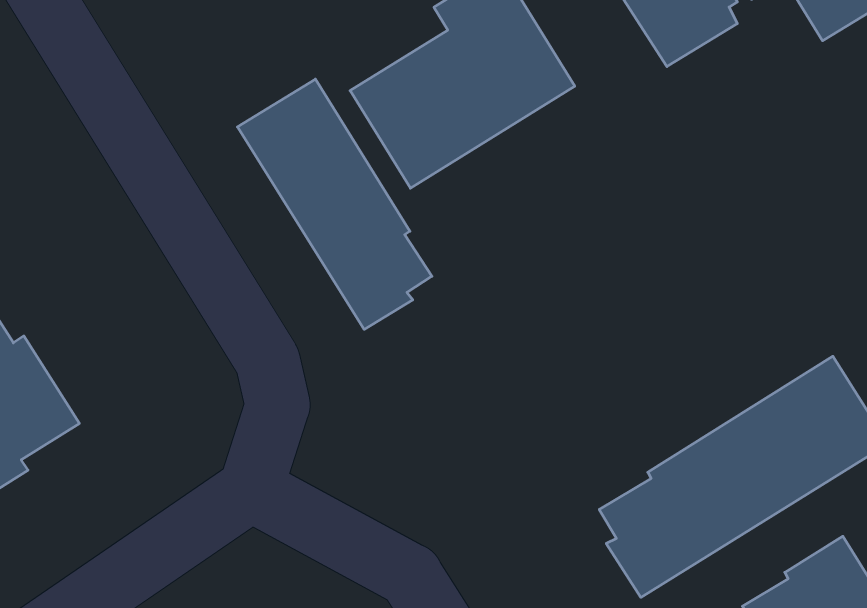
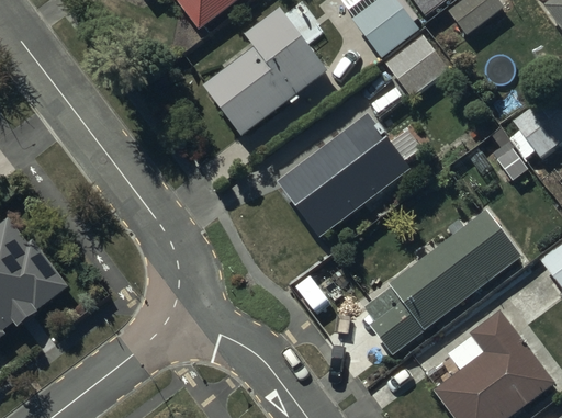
building: none -> [384,33,448,97]
building: [237,79,432,329] -> none
building: none -> [277,113,422,237]

